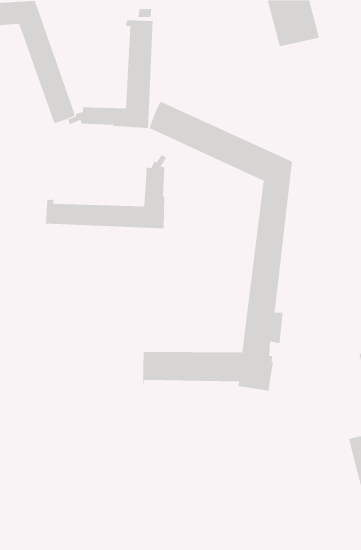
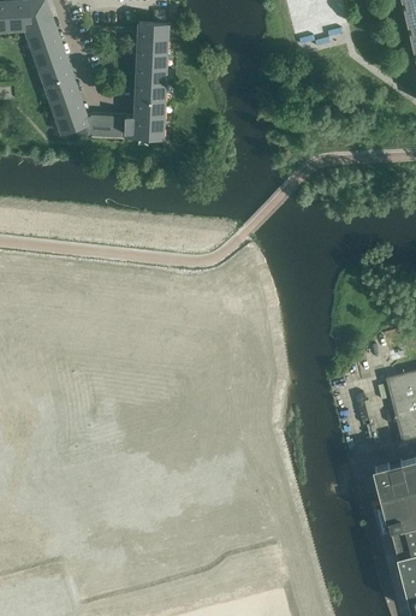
building: [142,102,292,392] -> none
building: [46,155,167,229] -> none

